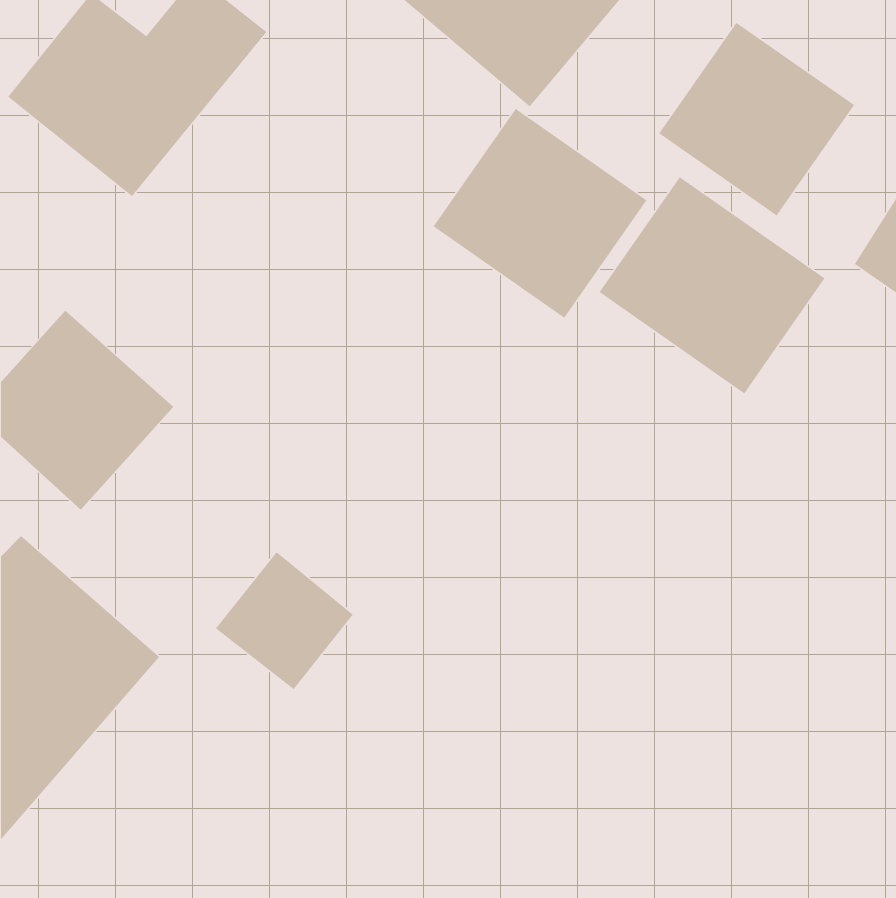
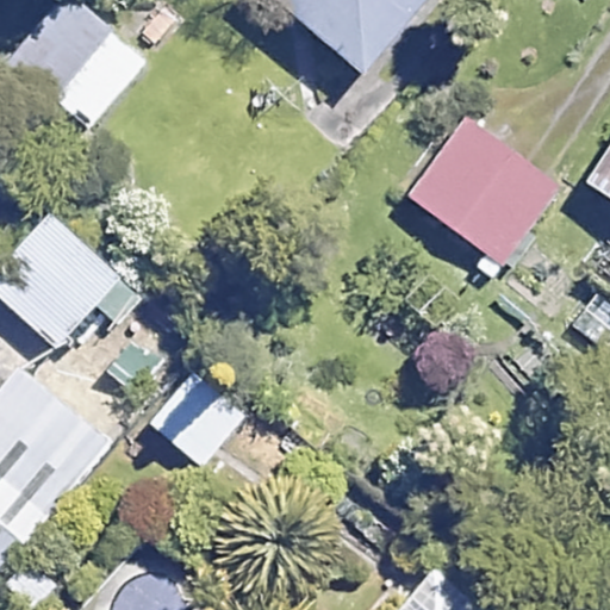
building: [658,22,855,217] -> none
building: [432,108,648,319] -> none

